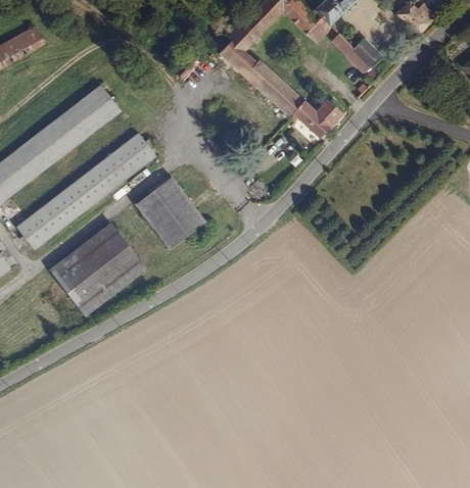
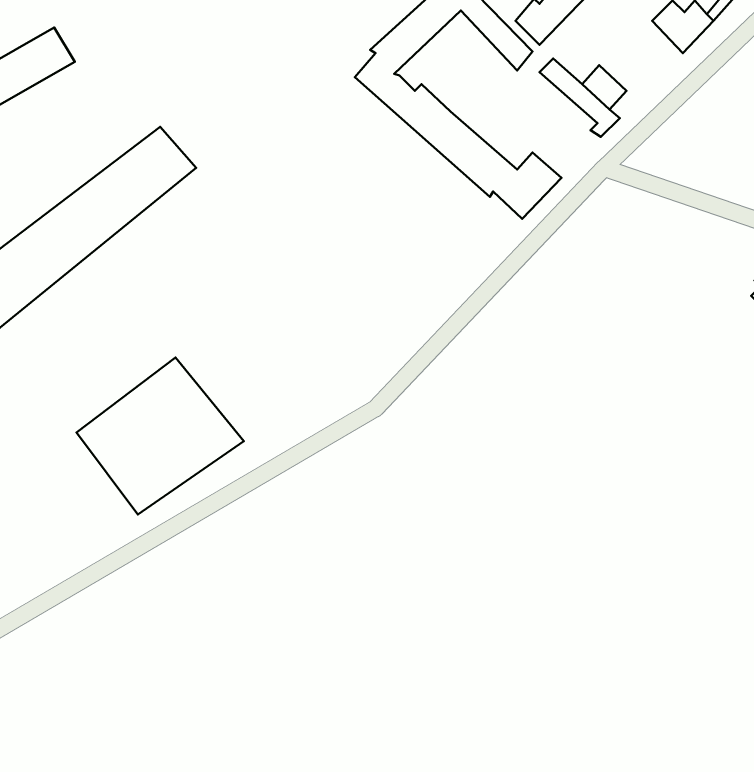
building: [15,130,158,253] -> none
building: [138,174,206,245] -> none

